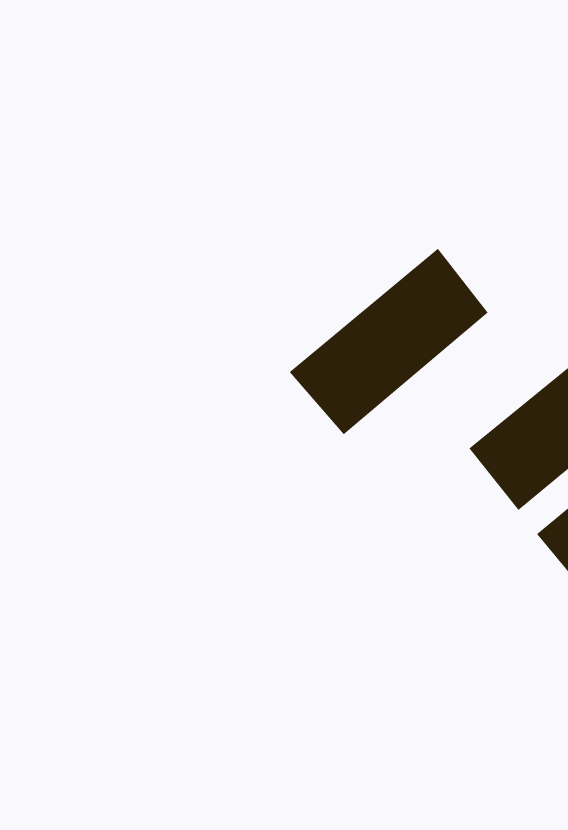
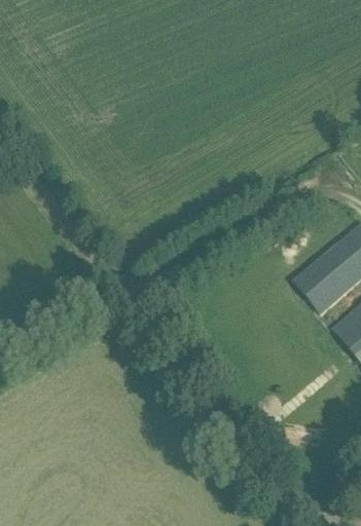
building: [289,248,489,435] -> none

